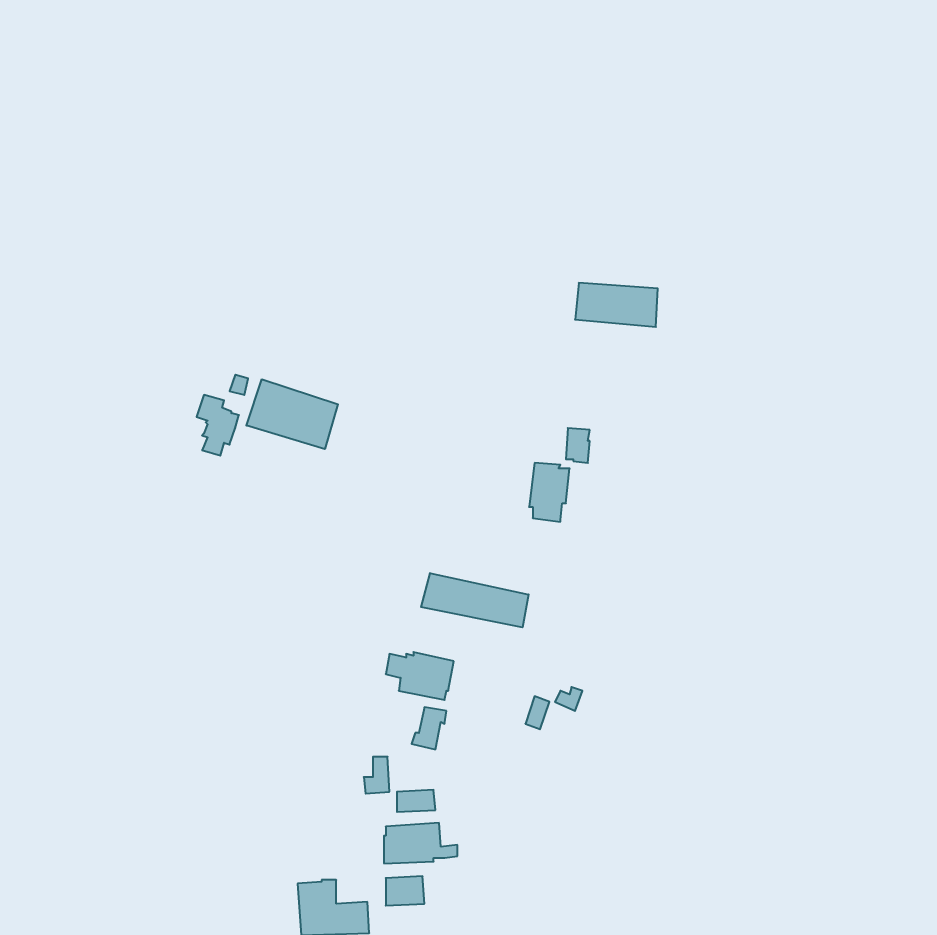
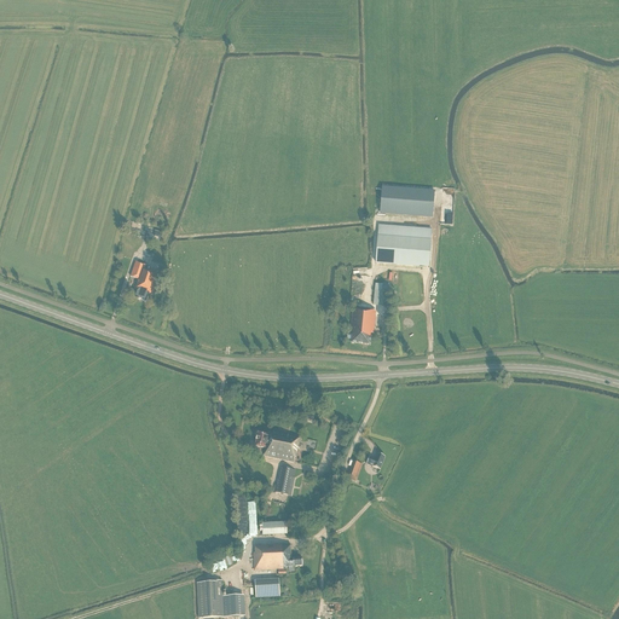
building: none -> [374,222,430,264]
building: [246,379,338,449] -> none
building: [421,573,529,627] -> none

